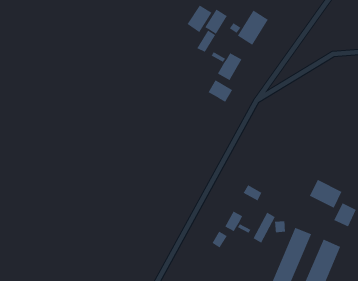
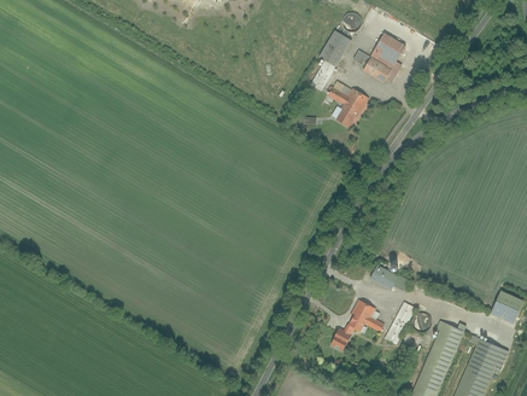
building: [186,5,212,33] -> none
building: [207,79,233,103] -> none
building: [309,179,343,209] -> none

